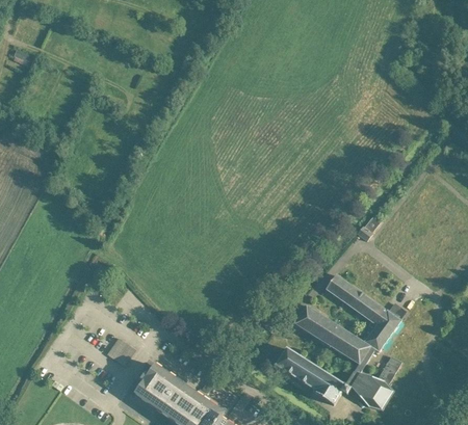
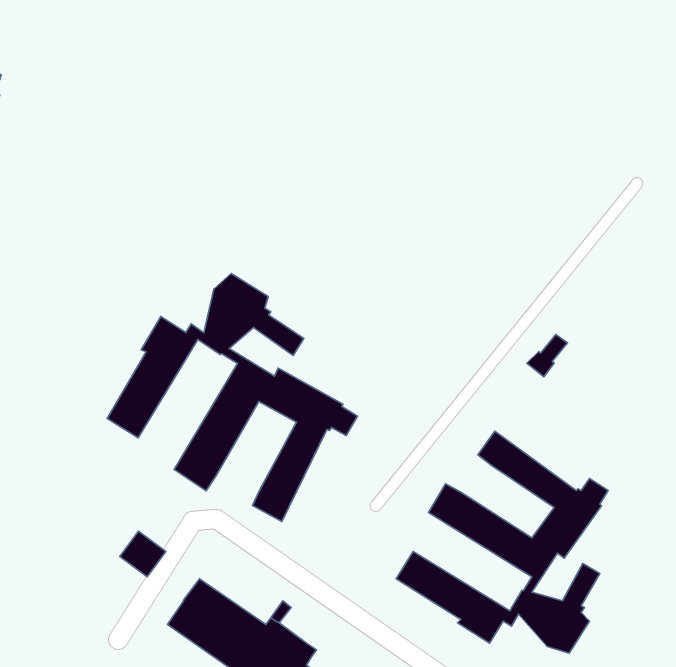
building: none -> [107,273,358,522]

